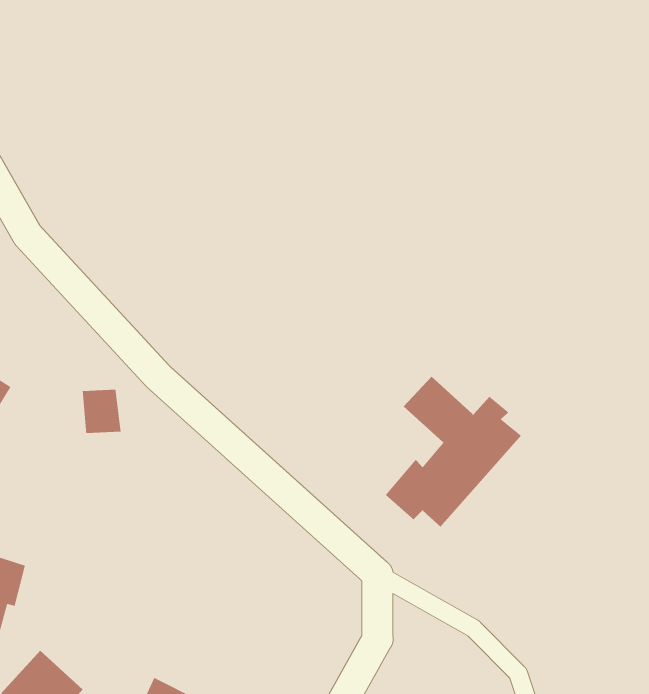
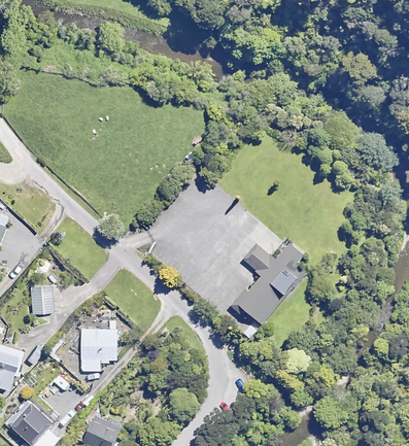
building: [82,389,121,434] -> [30,286,53,312]
building: none -> [80,328,117,371]

